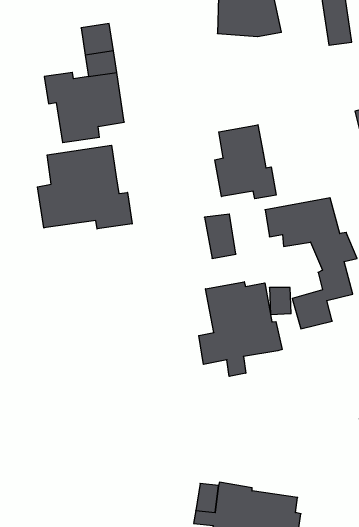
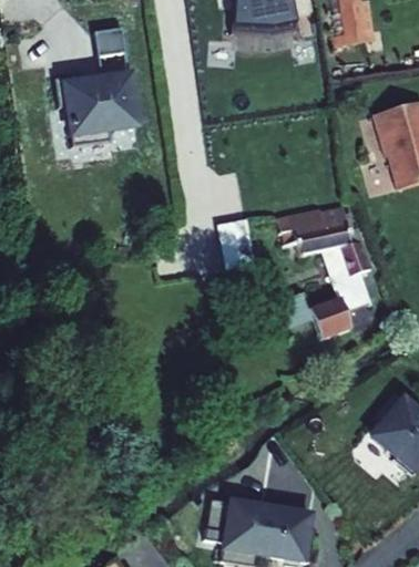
building: [215,125,276,199] -> none
building: [37,145,132,229] -> none
building: [199,282,282,376] -> none

